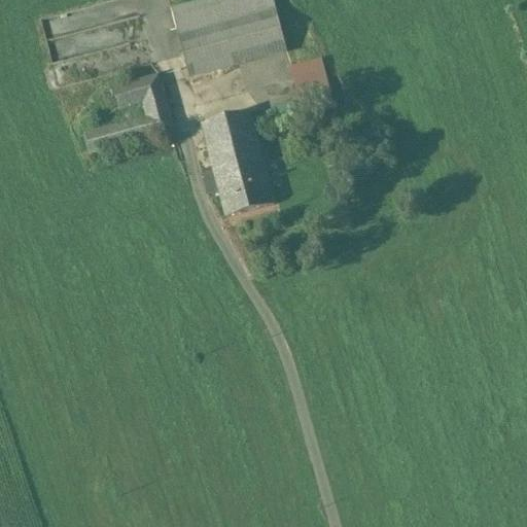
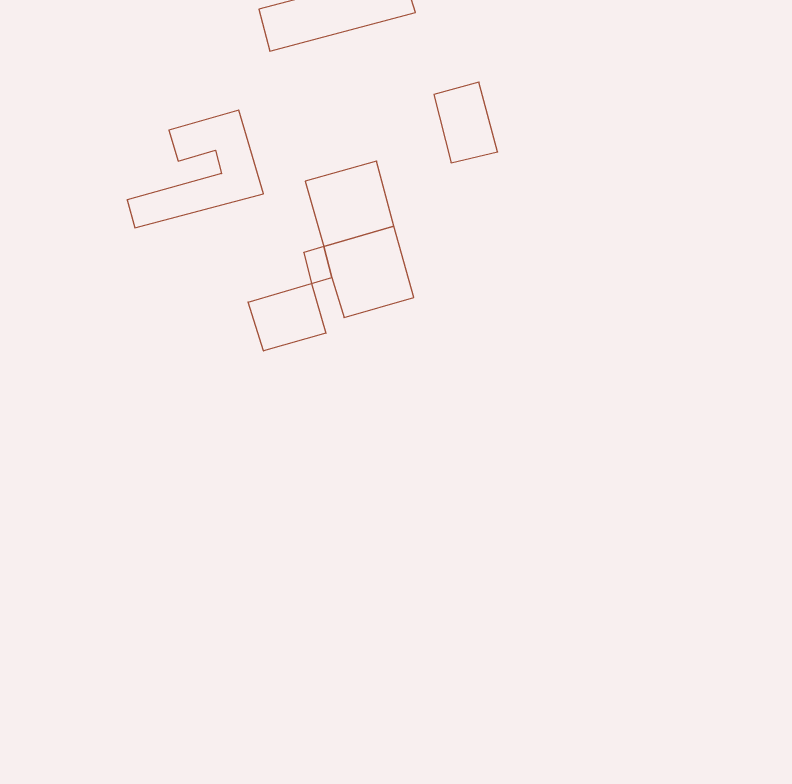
building: [179,8,286,74] -> none
building: none -> [248,284,326,351]

